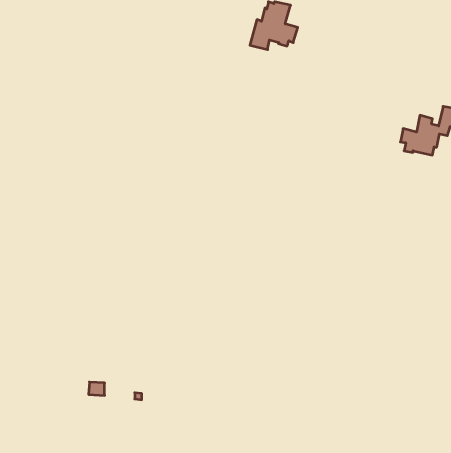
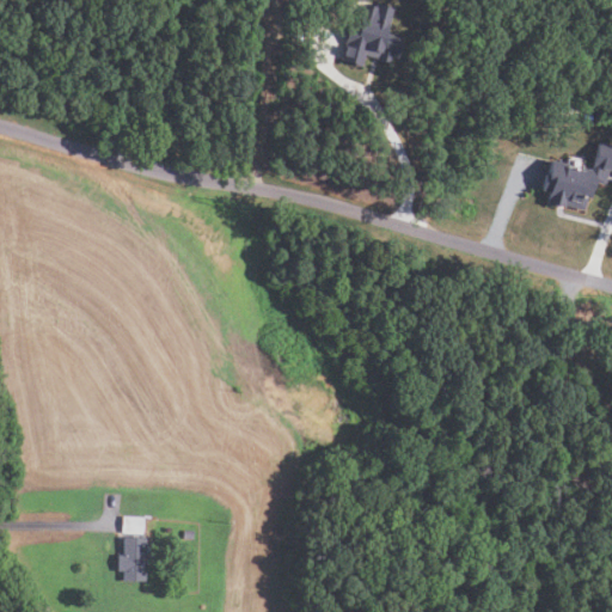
building: none -> [118,538,146,581]

